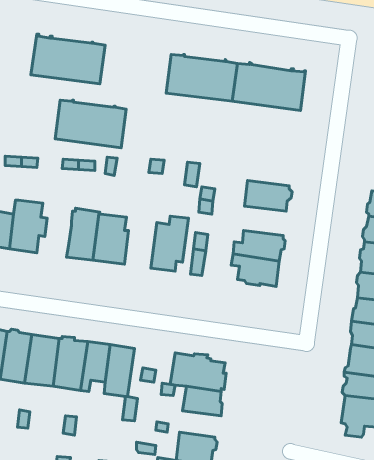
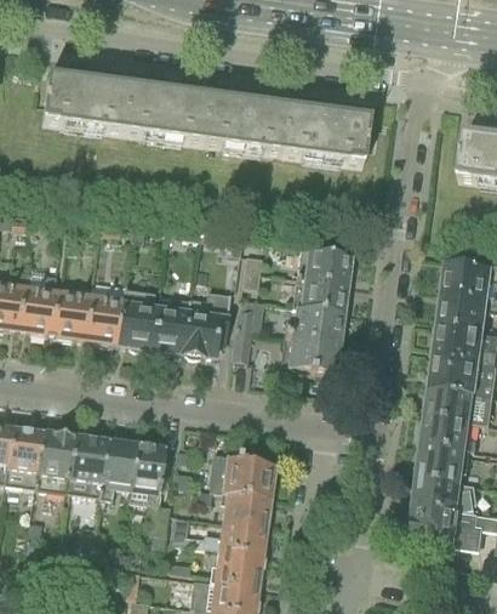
building: [55,100,126,148] -> [125,85,210,142]
building: none -> [292,277,349,312]
building: none -> [50,291,91,337]
building: none -> [154,295,193,351]
building: none -> [219,521,269,552]

